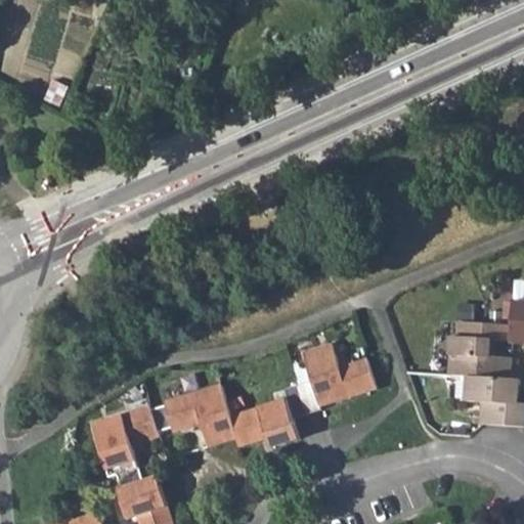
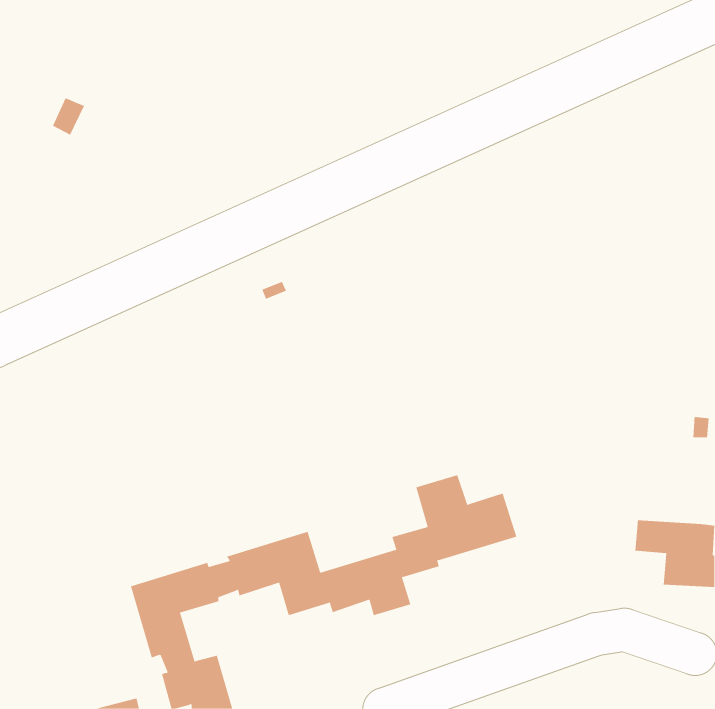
building: [448,321,512,380] -> none

